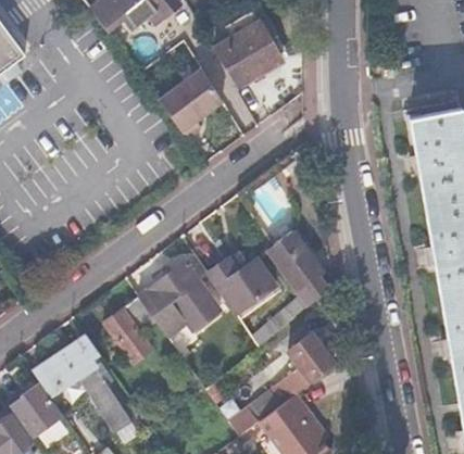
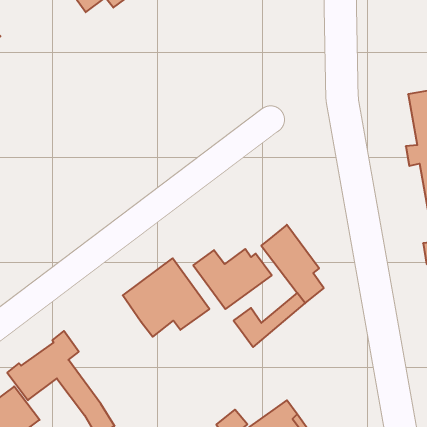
building: [214,24,280,89] -> none
building: [158,72,221,131] -> none
building: [104,297,158,364] -> none
building: [274,333,333,403] -> none

